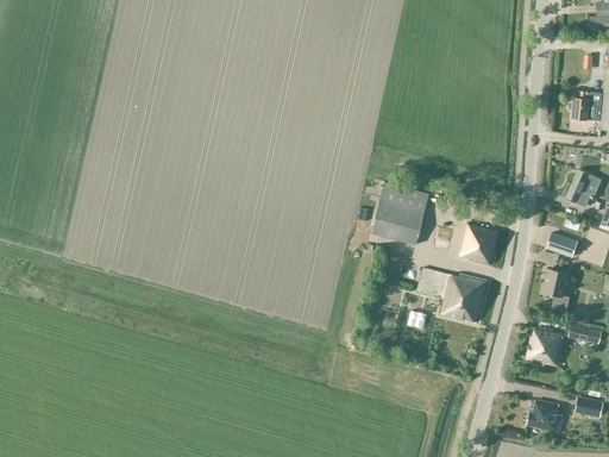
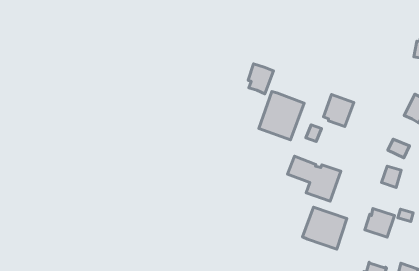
building: none -> [248,64,274,94]
building: [462,224,501,265] -> [324,94,354,127]
building: none -> [303,207,347,249]

